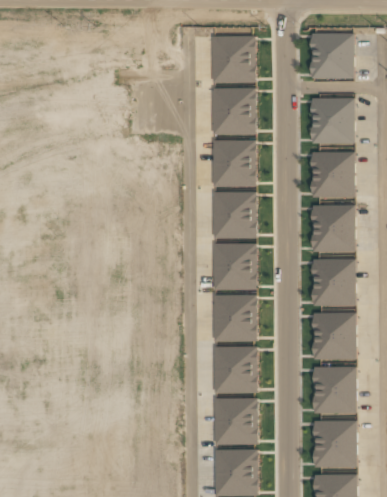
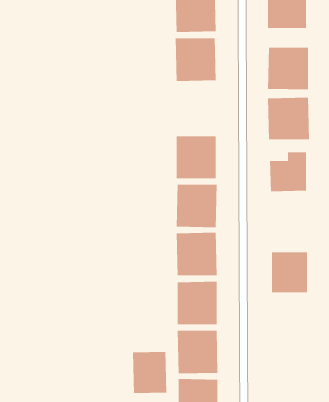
building: [212,140,256,187] -> none
building: [311,261,353,306] -> none
building: [311,368,355,414] -> none
building: none -> [132,351,167,394]
building: [311,422,355,468] -> none

